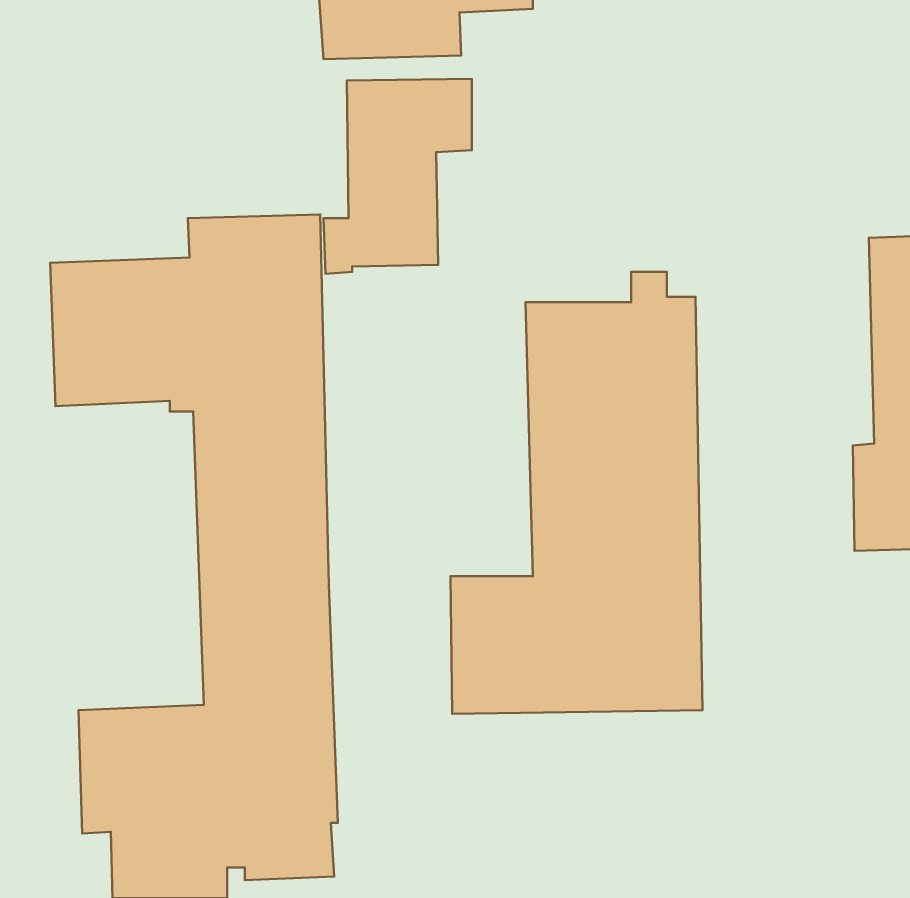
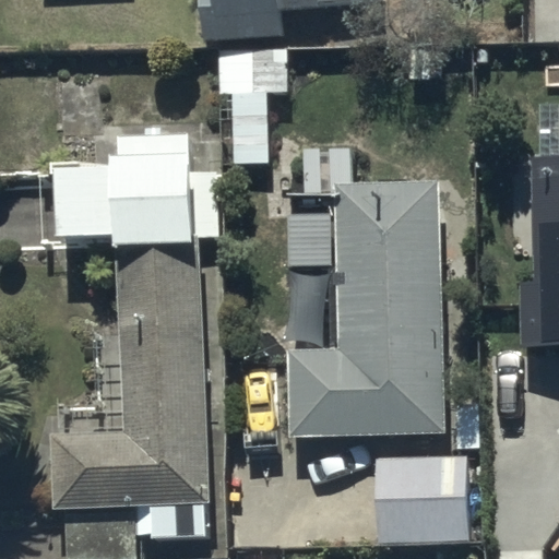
building: none -> [383,456,472,540]

